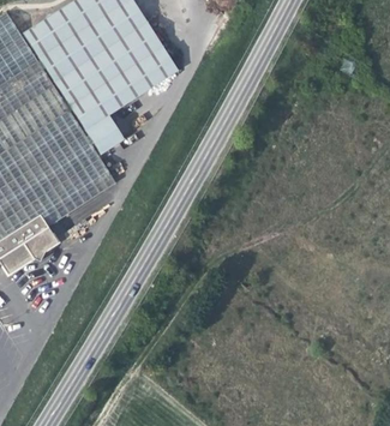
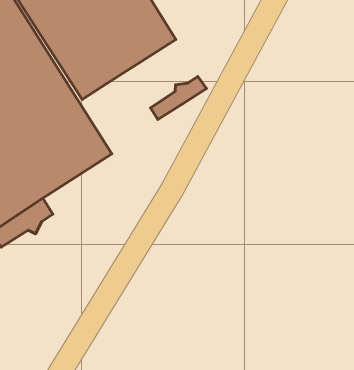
building: none -> [150,76,206,120]
building: [86,115,126,155] -> none

